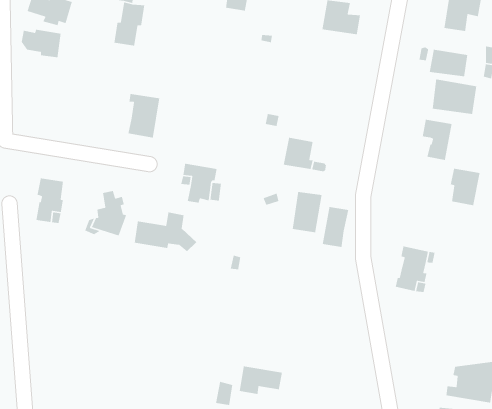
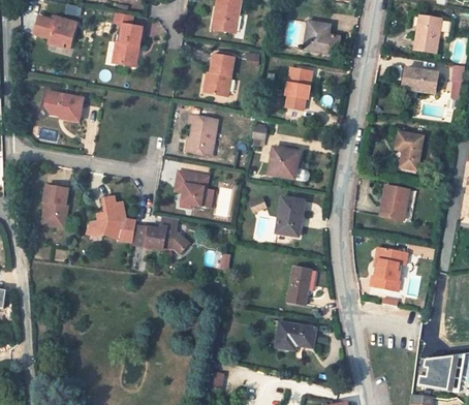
building: [21,29,62,58] -> [44,94,82,121]
building: none -> [206,54,233,96]
building: none -> [285,67,312,110]
building: [432,78,477,115] -> none
building: [128,93,160,138] -> [187,115,217,156]
building: [450,168,481,206] -> [381,185,409,220]
building: [322,206,349,248] -> [286,267,311,305]
building: [239,365,283,395] -> [275,322,315,349]

